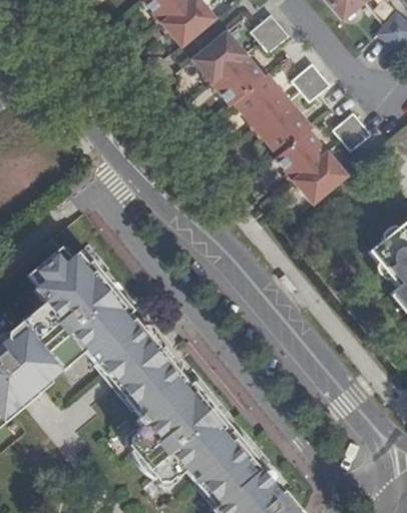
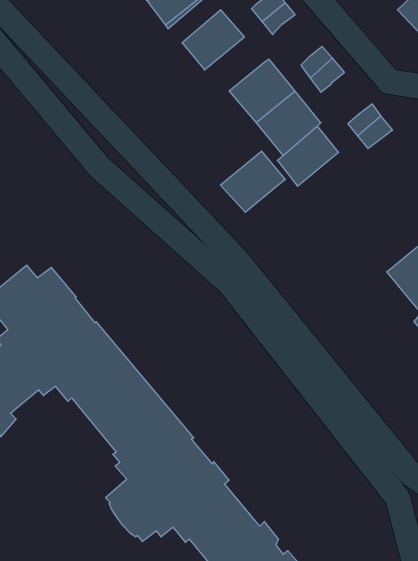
building: [213,54,265,104] -> none
building: [292,152,347,204] -> [221,151,285,212]

